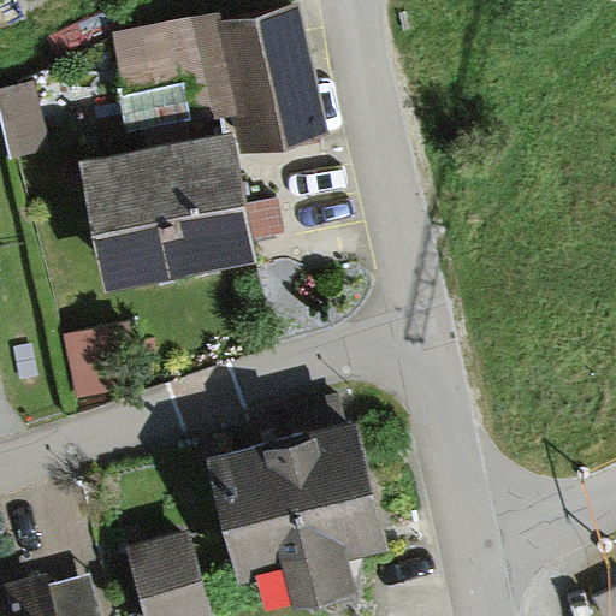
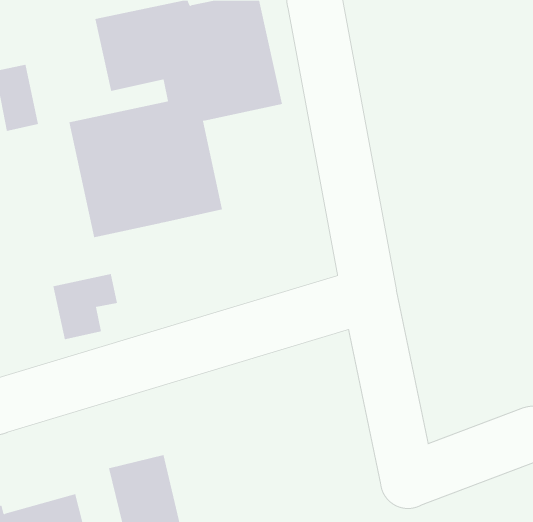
building: [203,411,392,604] -> none

